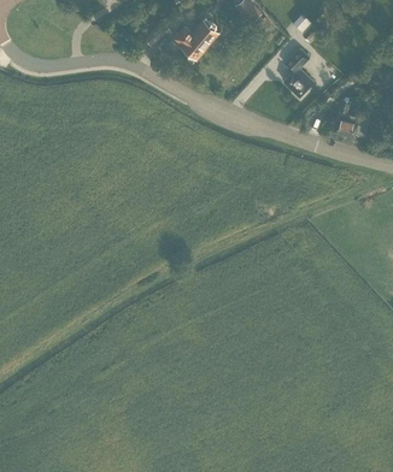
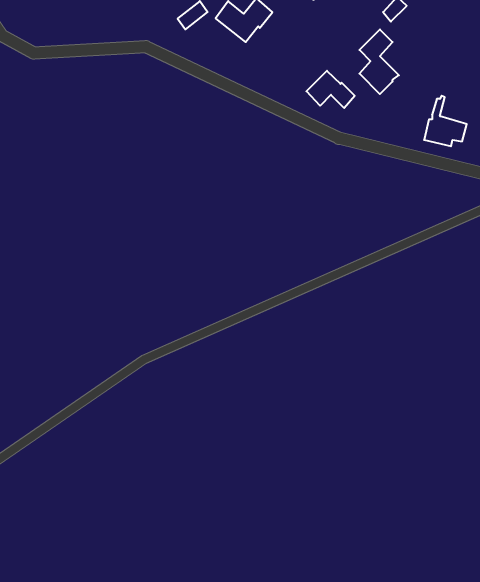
building: none -> [306,71,355,108]

